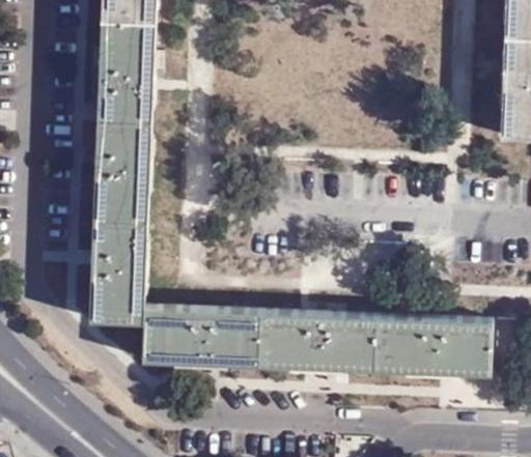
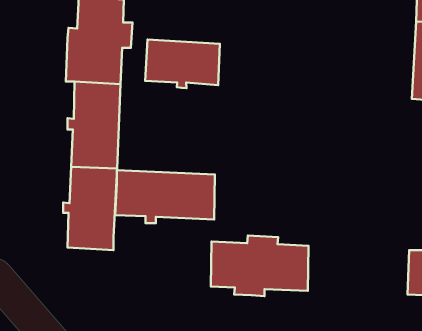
building: none -> [145,40,220,88]
building: [141,305,260,368] -> [115,170,215,223]
building: [375,315,492,384] -> none

